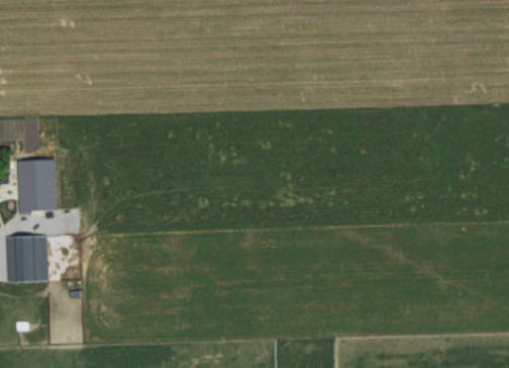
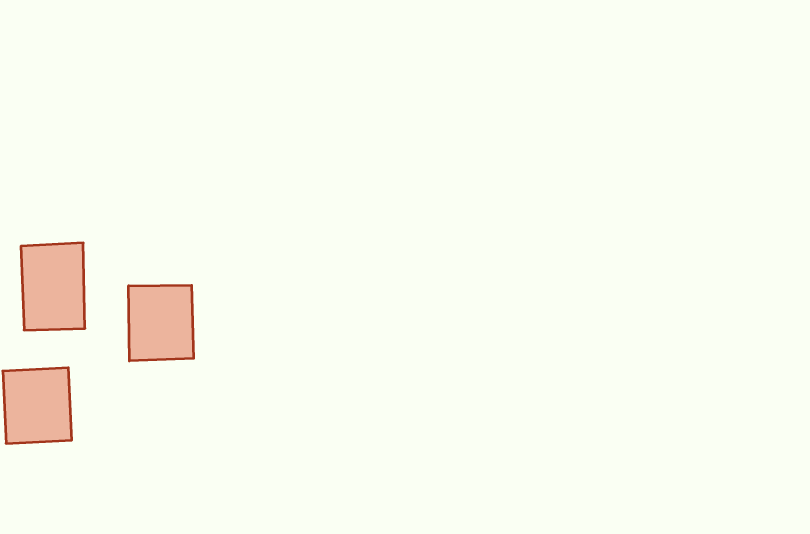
building: none -> [129,285,194,361]

